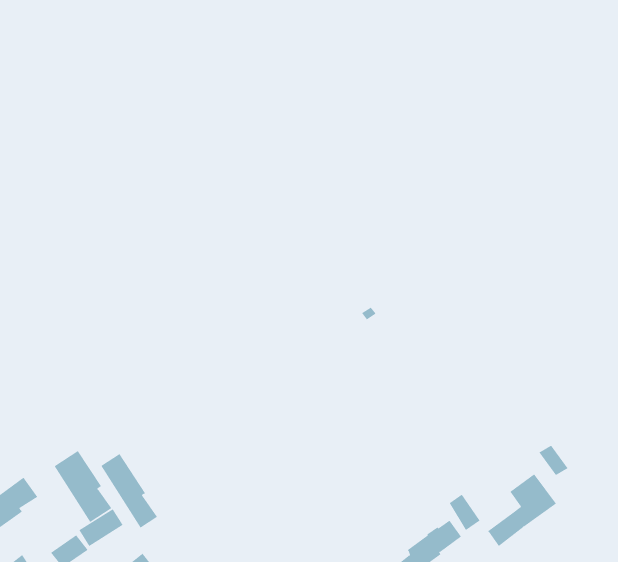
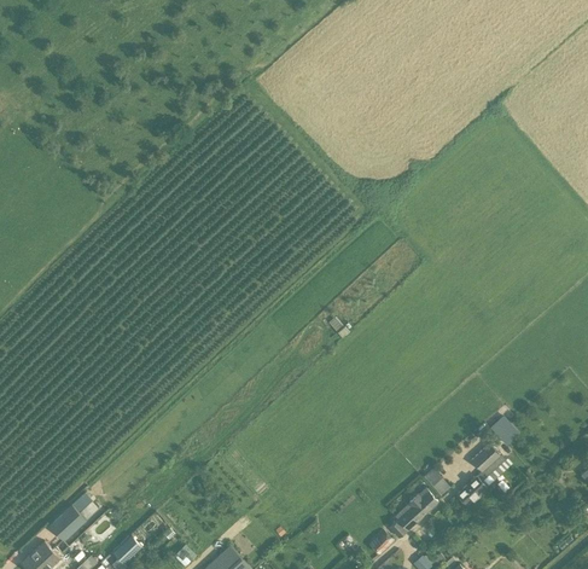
building: [54,450,112,523] -> none
building: [100,453,158,529] -> none

